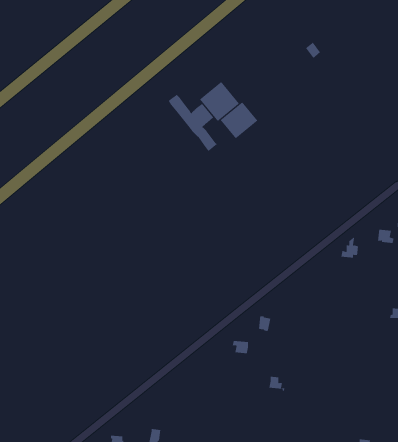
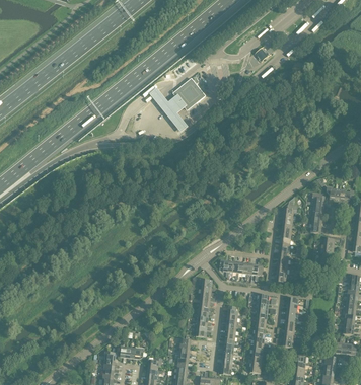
building: [220,101,258,139] -> none

